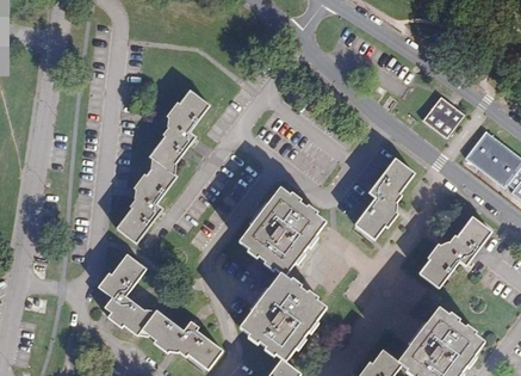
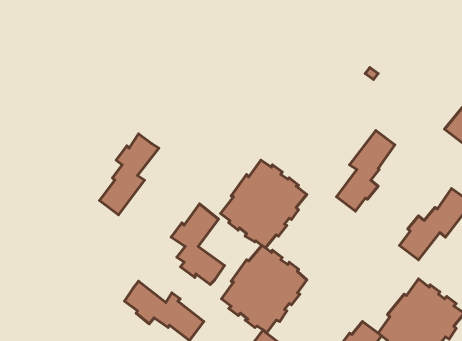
building: [149,90,209,171] -> none
building: [422,95,464,137] -> none
building: [98,253,151,334] -> [171,204,224,285]

